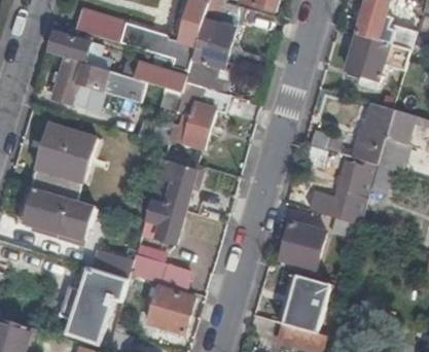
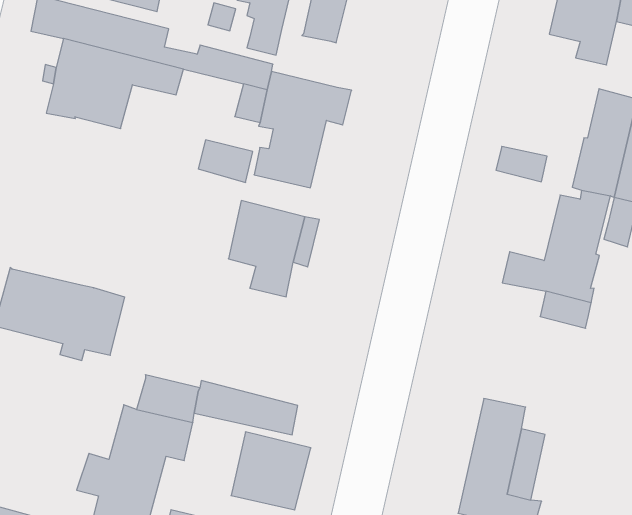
building: [184,57,225,92] -> none
building: [29,120,95,199] -> none
building: [140,186,185,246] -> none
building: [280,222,324,269] -> none

